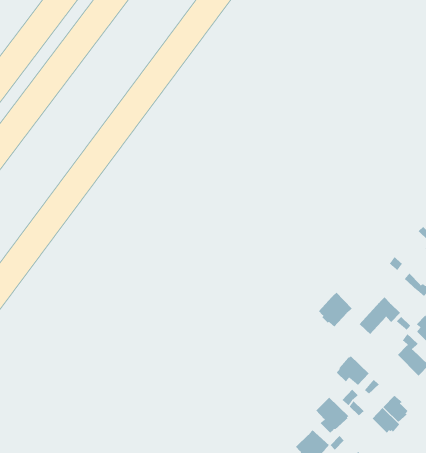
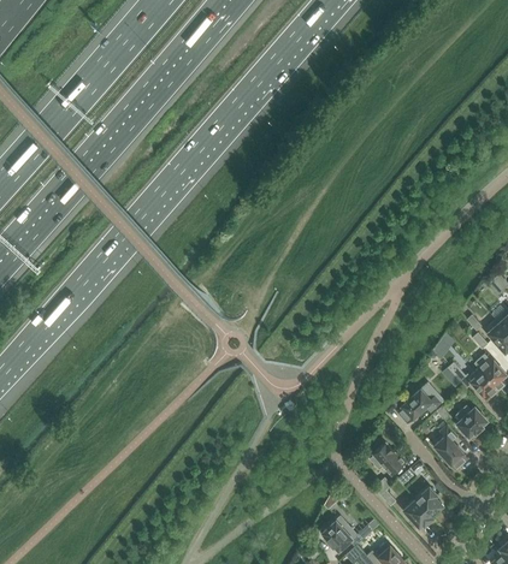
building: [318,292,353,328] -> none
building: [316,397,349,434] -> none

